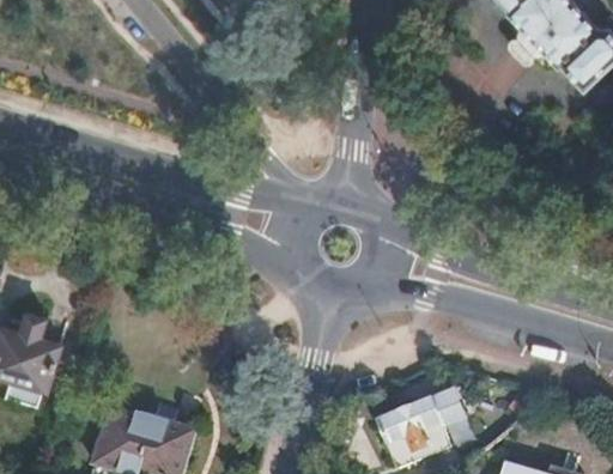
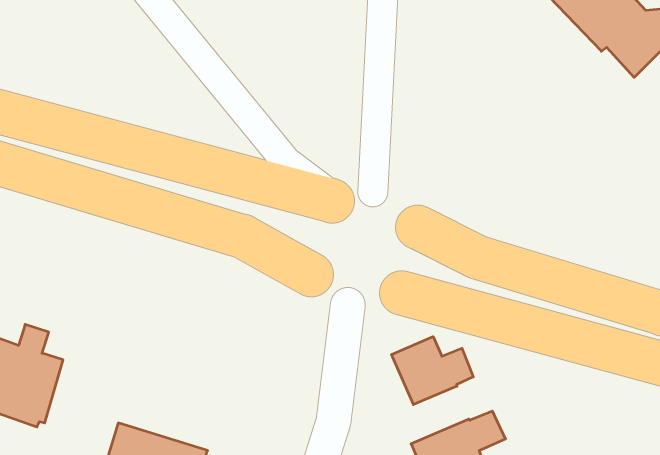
building: none -> [392,337,473,405]

